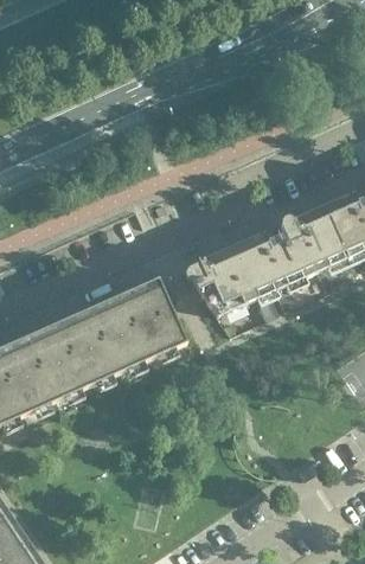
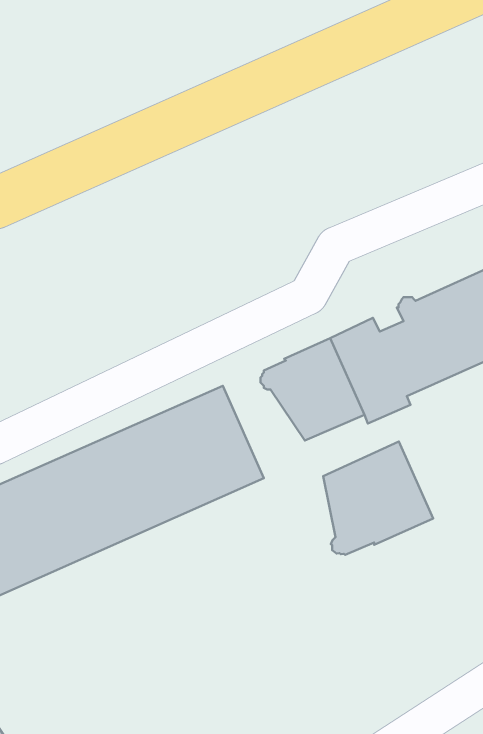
building: none -> [323,441,433,555]

